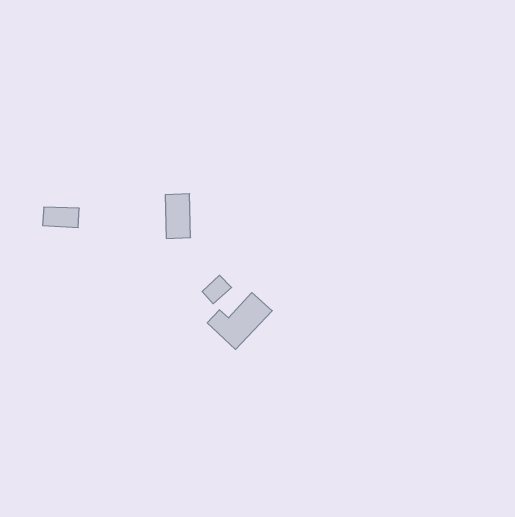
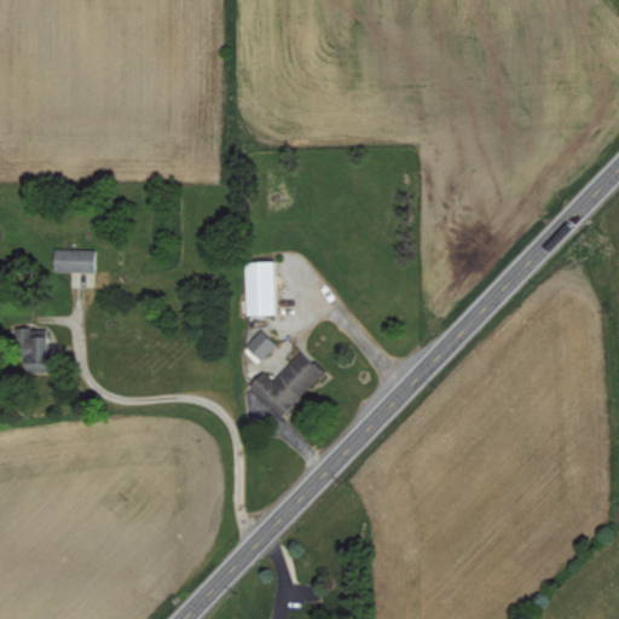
building: [165,194,191,238] -> [245,262,276,316]
building: none -> [28,336,50,366]

